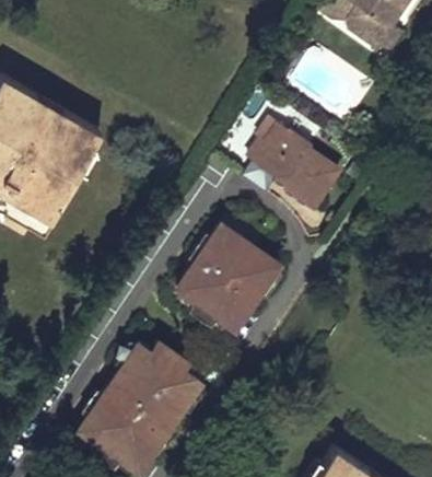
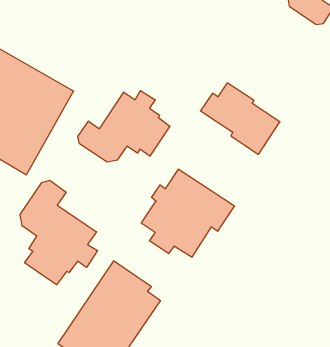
building: none -> [78,91,170,162]
building: none -> [20,180,97,285]

